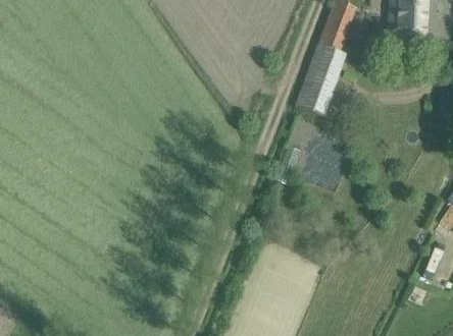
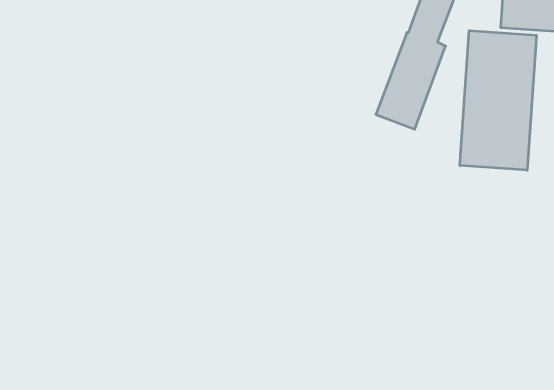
building: none -> [460,31,536,170]

